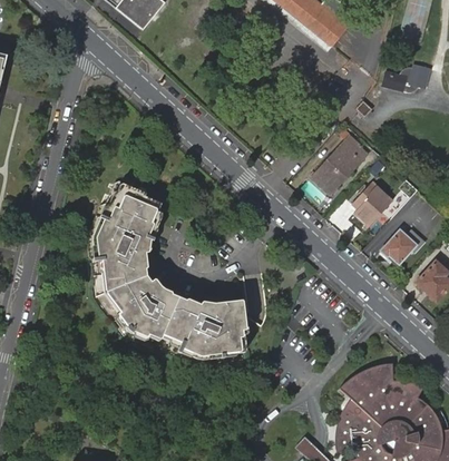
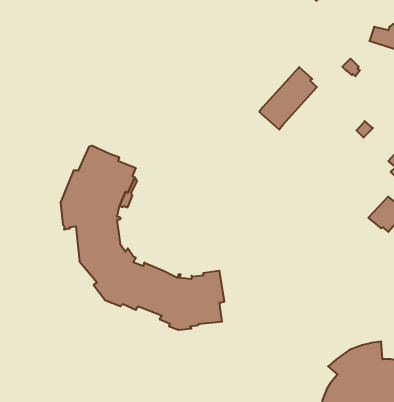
building: [313,135,368,194] -> [259,67,317,130]
building: [353,182,393,226] -> none

